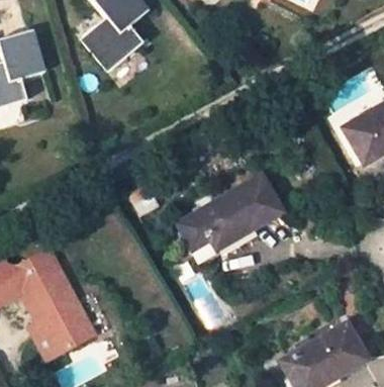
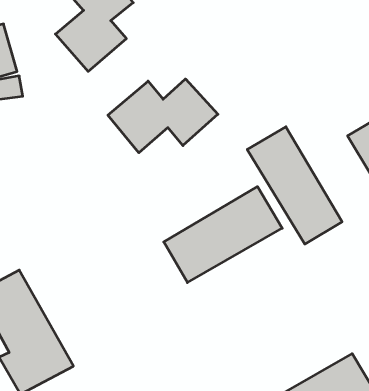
building: none -> [108,79,218,153]
building: none -> [247,127,342,244]

